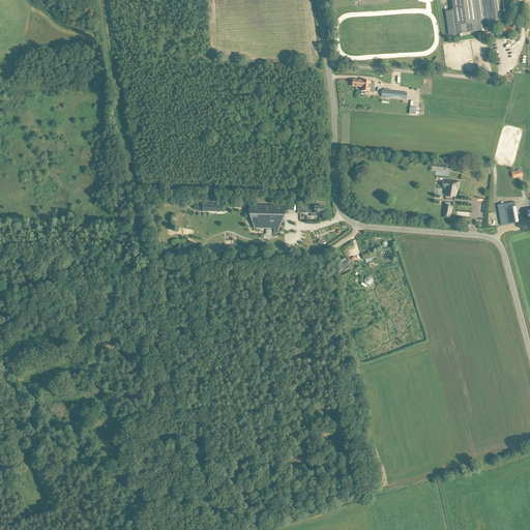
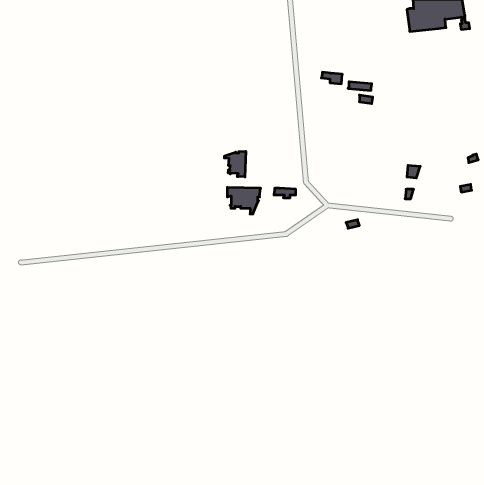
building: none -> [224,151,246,177]

